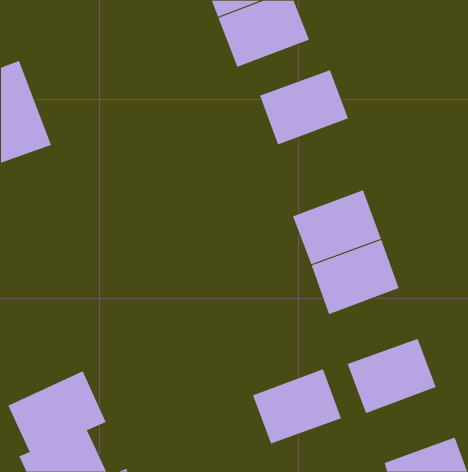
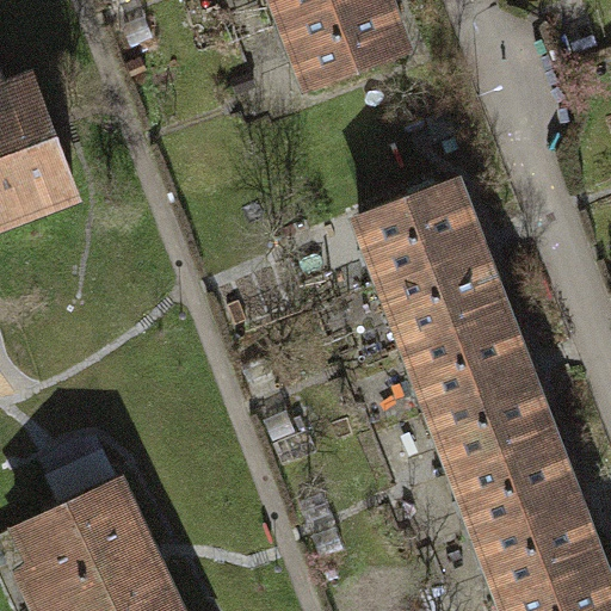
building: [259,70,349,145] -> [359,181,475,279]
building: [252,369,342,444] -> [430,372,545,470]
building: none -> [477,500,593,598]

